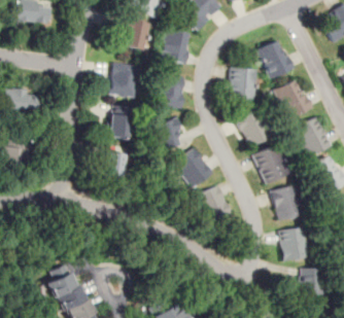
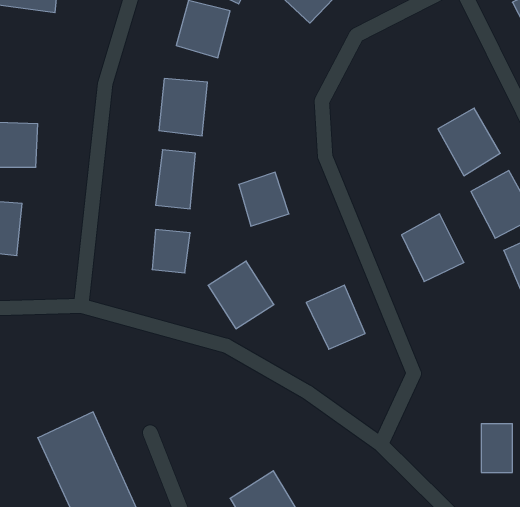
building: [161,28,193,64] -> none
building: [259,39,295,79] -> none
building: [229,69,256,101] -> none
building: [161,74,183,108] -> none
building: [237,110,271,146] -> none
building: [174,148,213,188] -> [208,261,274,329]
building: [272,184,303,220] -> none
building: [280,226,309,259] -> none

